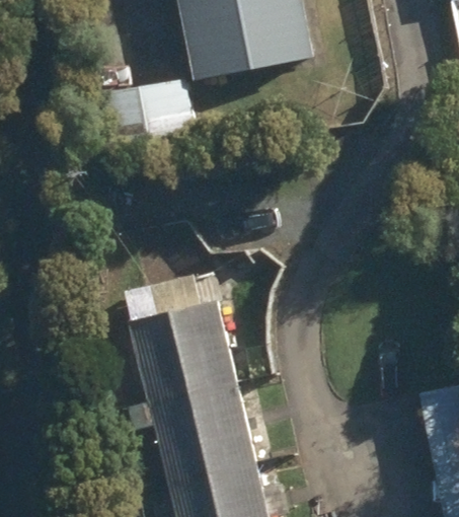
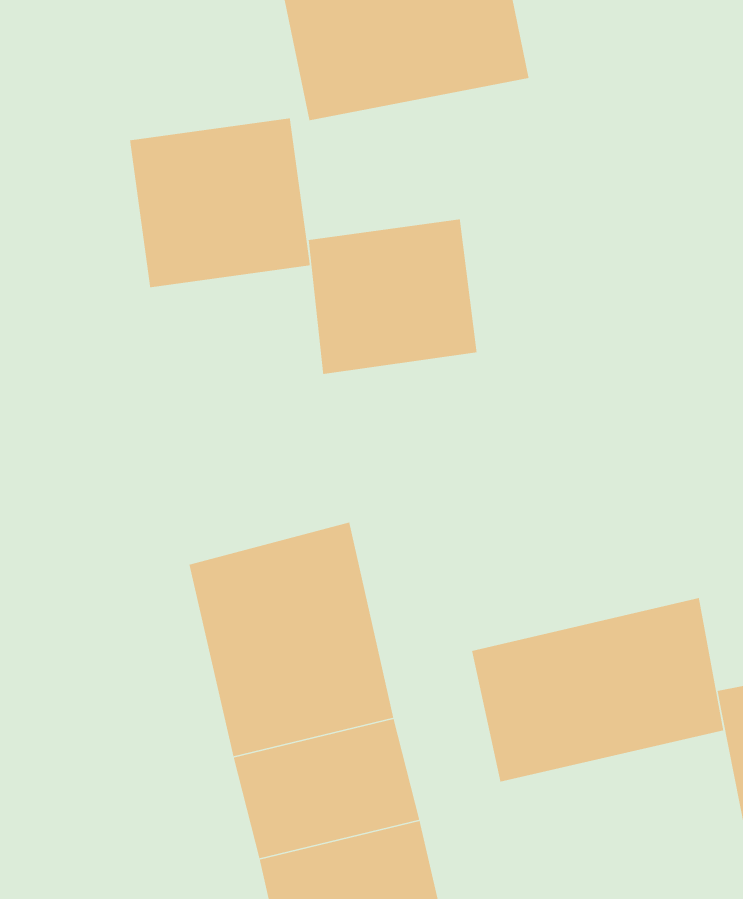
building: none -> [308,219,478,375]
building: none -> [471,597,724,782]

